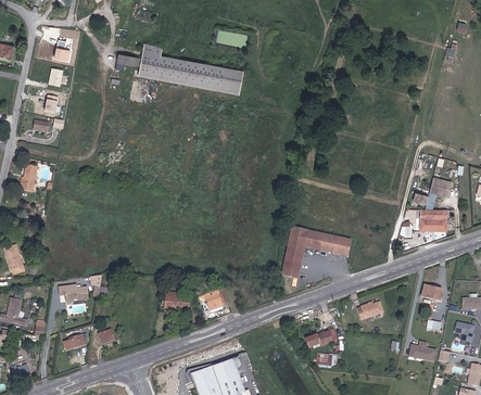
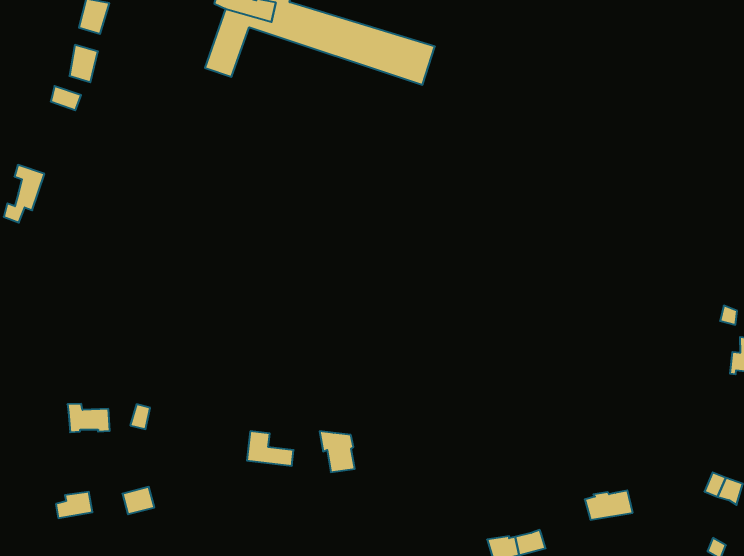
building: [286,228,355,280] -> none

